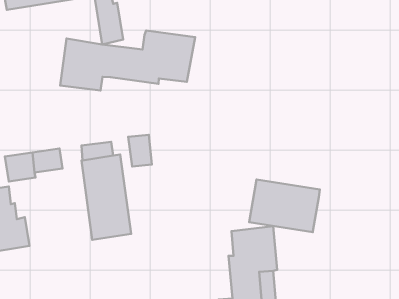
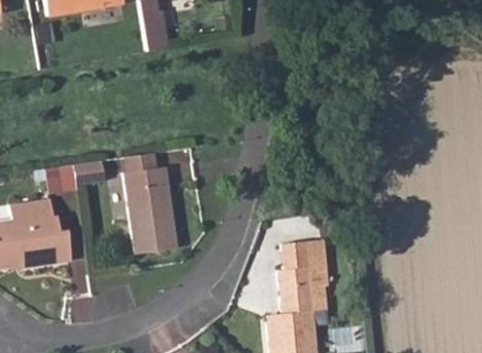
building: [60,30,195,91] -> none
building: [249,180,320,232] -> none

